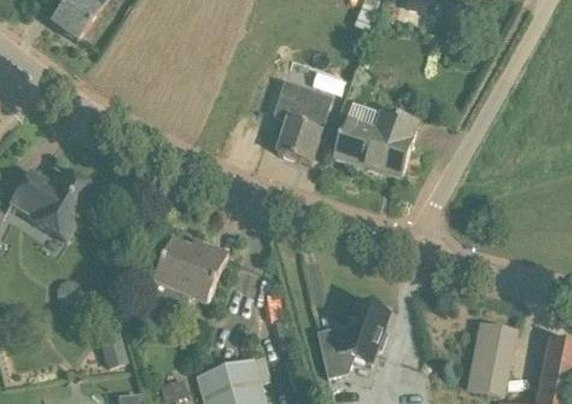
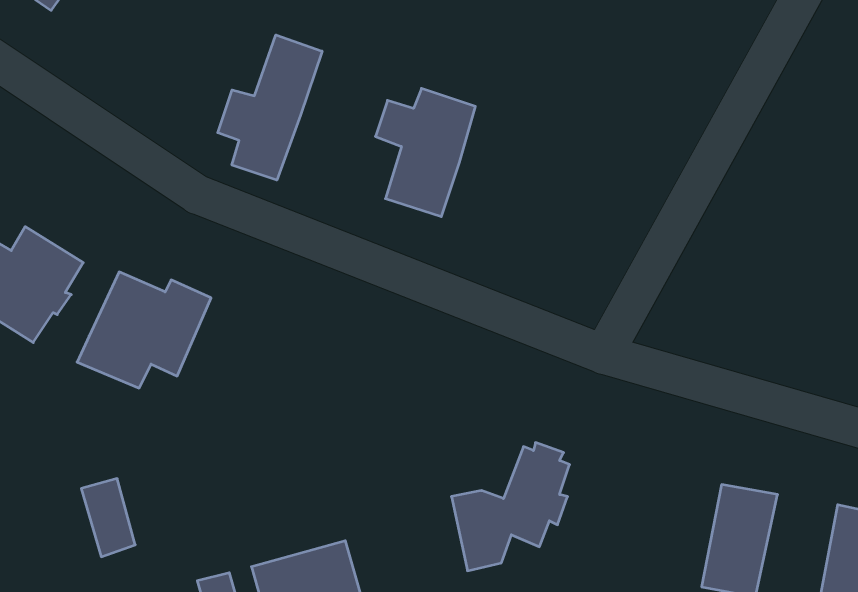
building: none -> [218,35,322,180]
building: [335,99,416,175] -> none
building: [147,238,228,308] -> [77,272,211,388]

